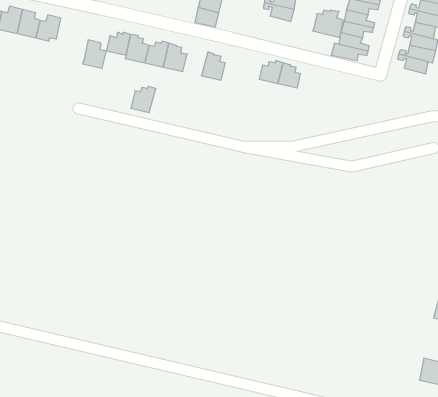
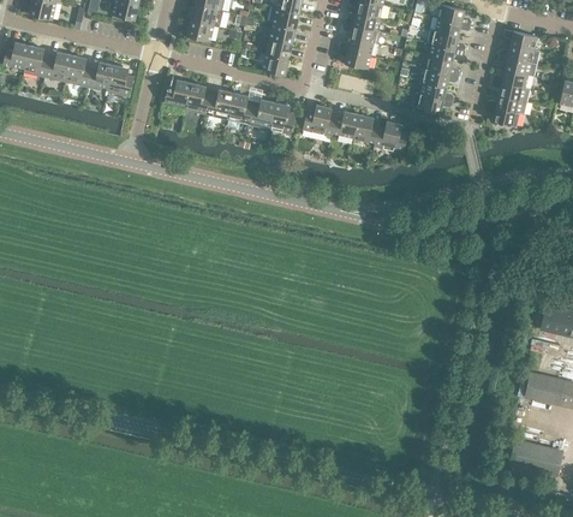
building: [313,10,343,38] -> [374,121,407,151]
building: [83,40,107,68] -> [108,64,135,95]
building: none -> [303,103,336,135]
building: [131,86,156,113] -> [249,99,276,127]

